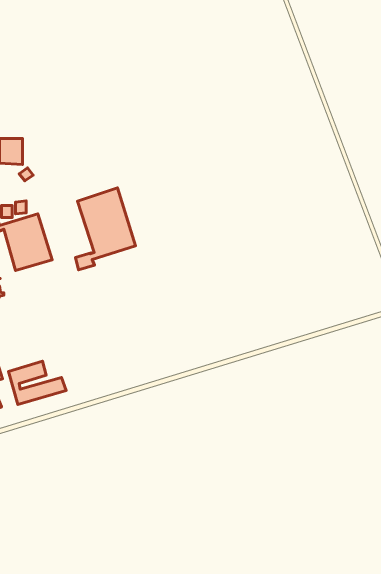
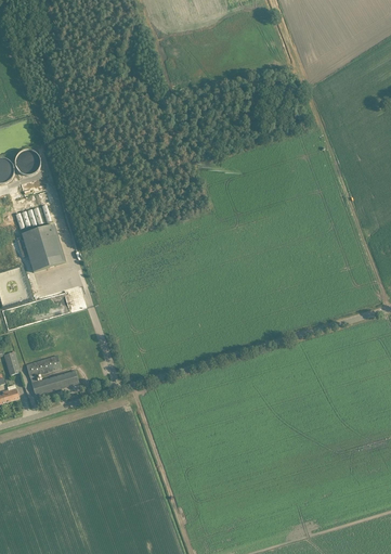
building: [75,188,135,270] -> none

